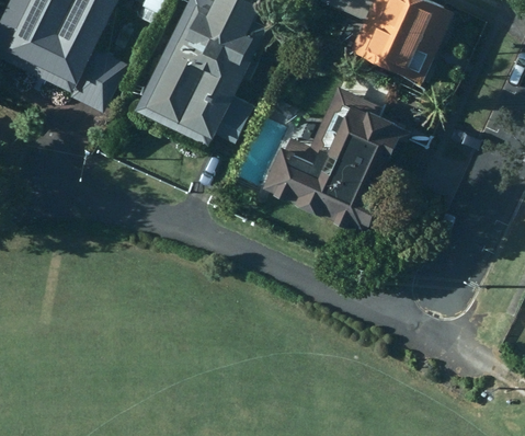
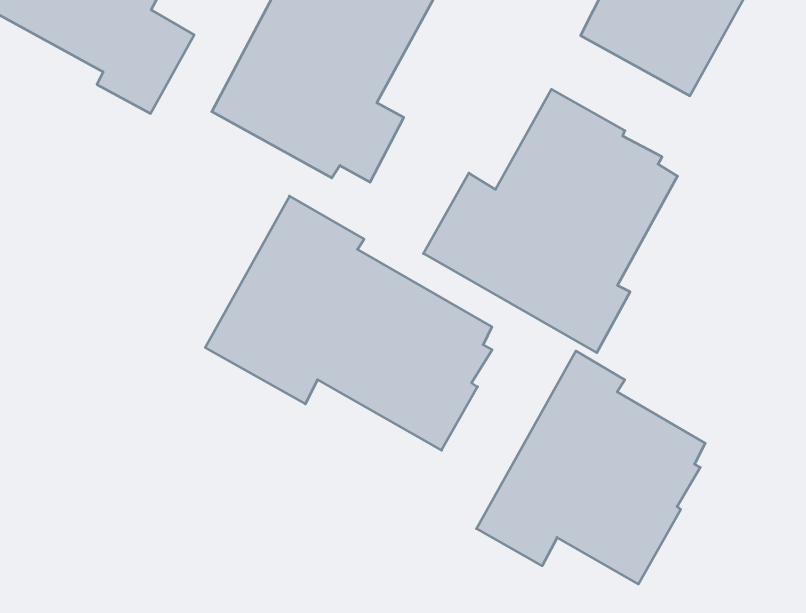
building: none -> [205,196,492,450]
building: none -> [476,351,705,584]

